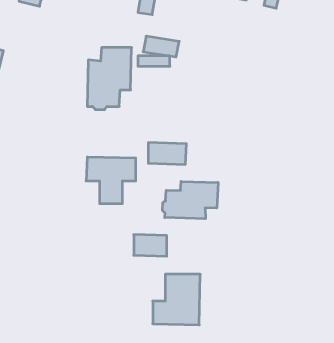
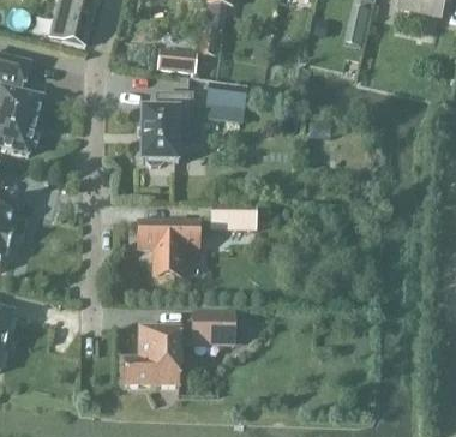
building: none -> [158,49,196,74]
building: [162,181,218,219] -> none
building: [153,274,200,325] -> [125,324,180,383]

